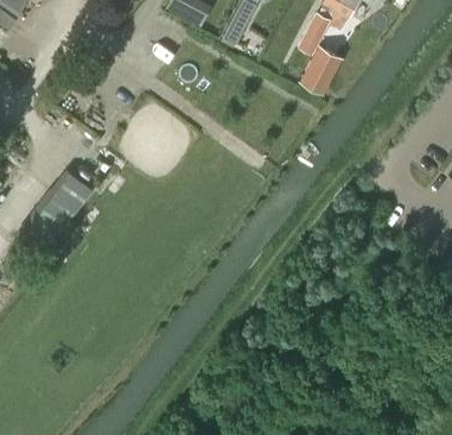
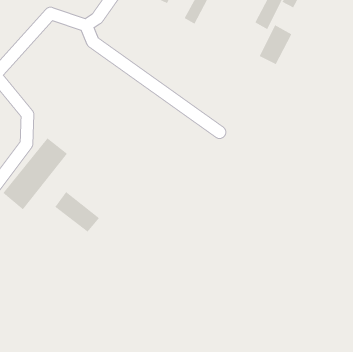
building: none -> [55,191,100,233]

